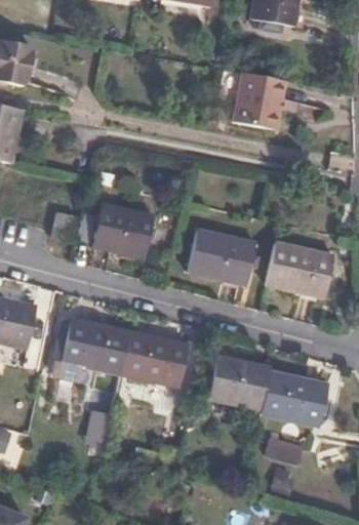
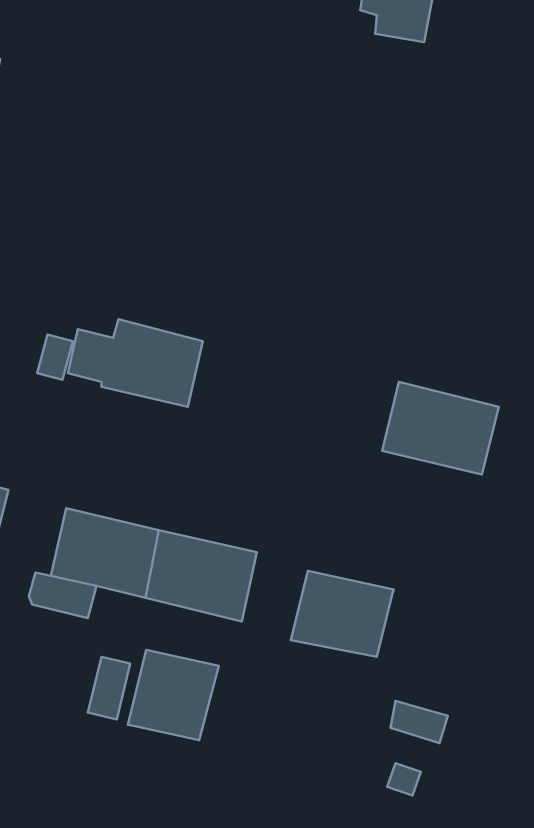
building: [235,70,286,127] -> none
building: [189,231,257,286] -> none
building: [260,372,328,427] -> none
building: none -> [128,650,219,740]

